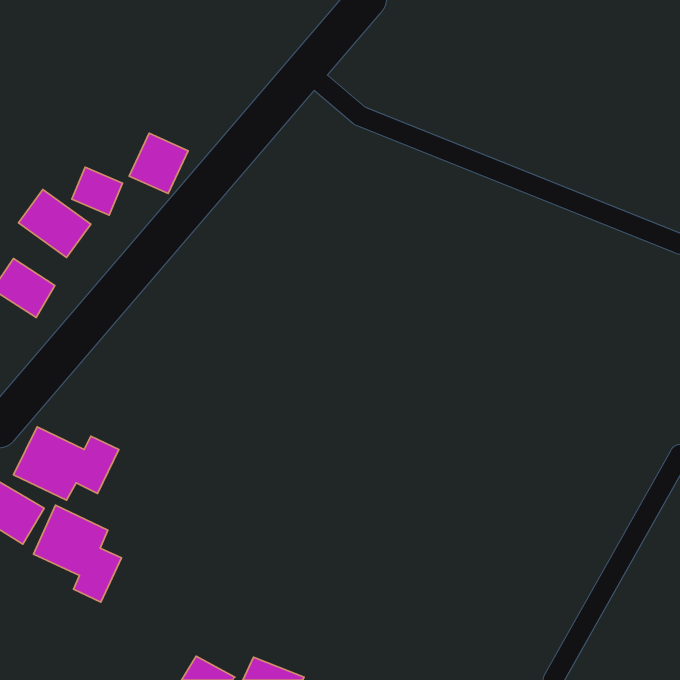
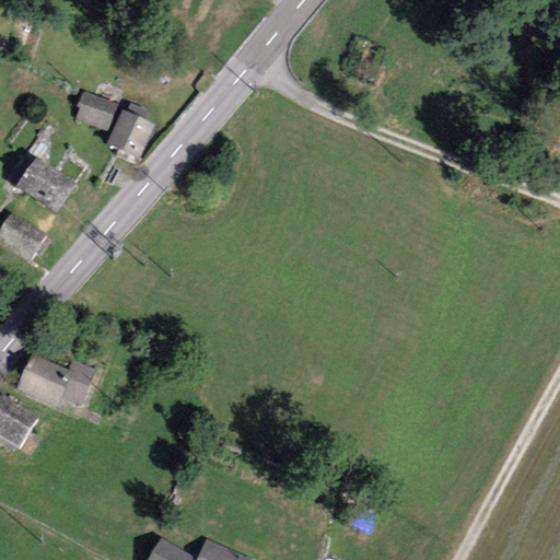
building: [72,167,122,215] -> [74,92,116,131]
building: [33,505,122,602] -> none

